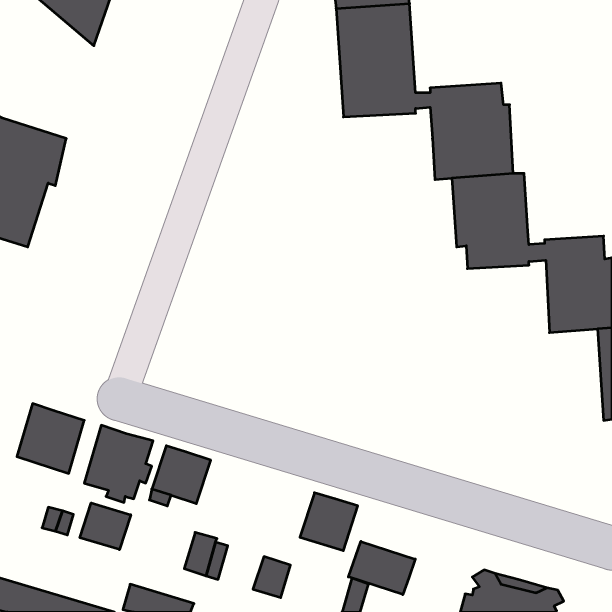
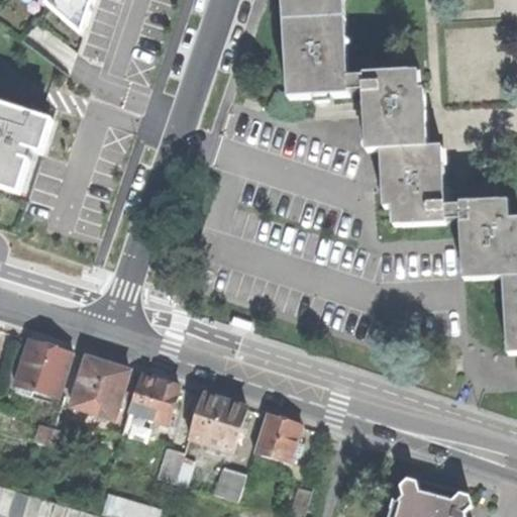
building: none -> [187,393,243,449]
building: [80,503,131,550] -> none
building: [348,541,415,595] -> none

